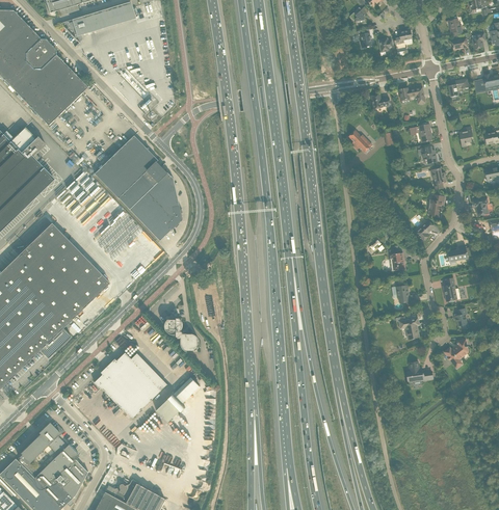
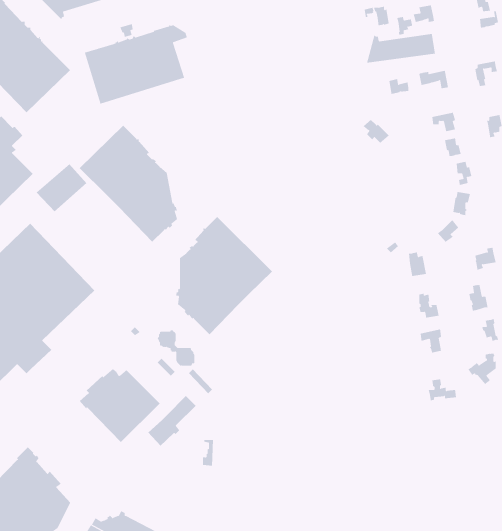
building: none -> [84,24,187,104]
building: none -> [366,33,436,64]
building: none -> [176,216,273,335]

